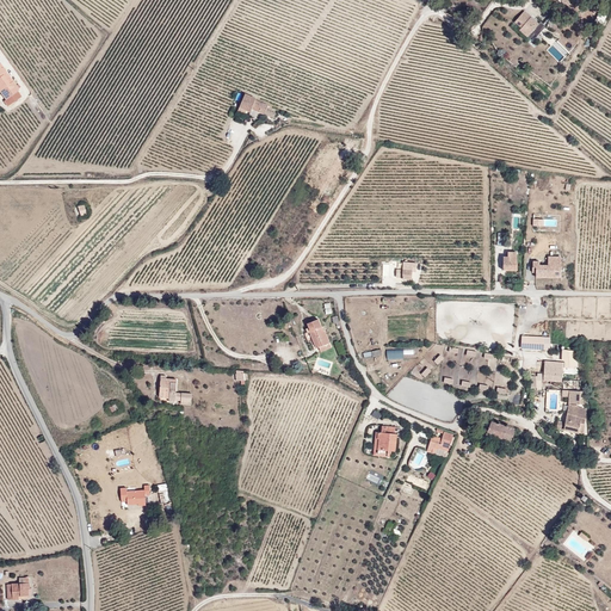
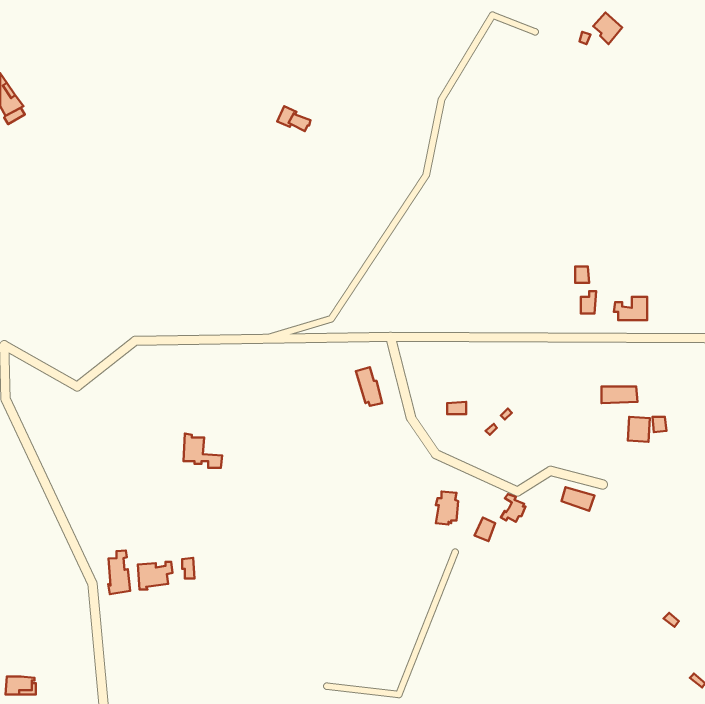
building: [560,389,585,432] -> none
building: none -> [108,551,130,594]

